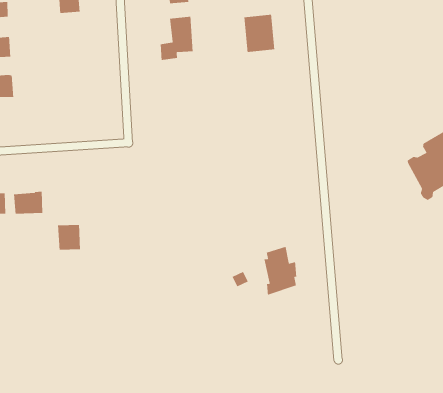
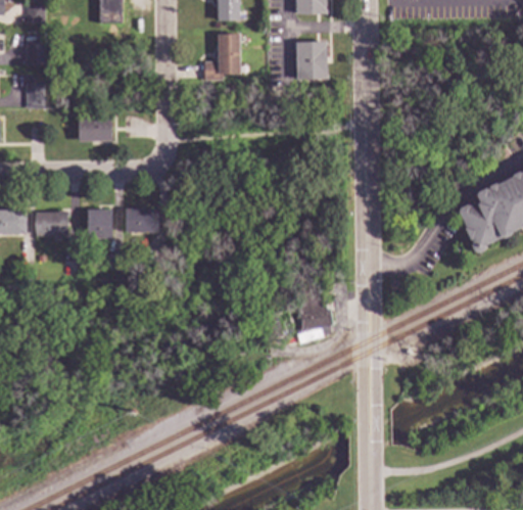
building: none -> [78,118,110,142]
building: none -> [126,210,158,232]
building: [57,224,81,250] -> [88,210,112,238]

